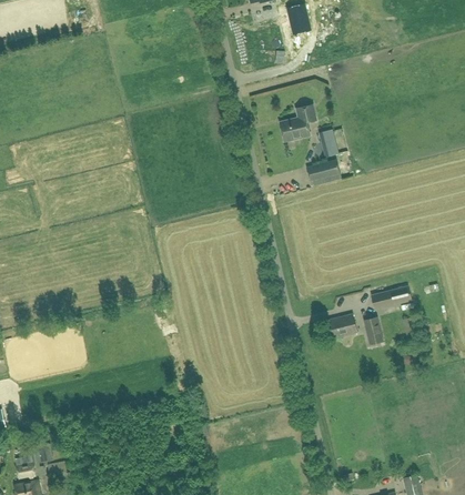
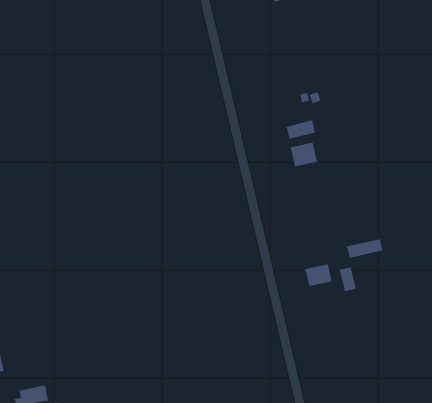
building: [279,105,315,142] -> none
building: none -> [290,142,318,167]

